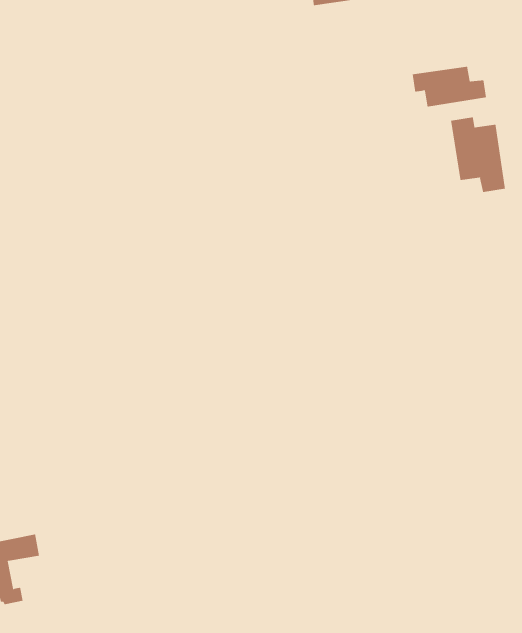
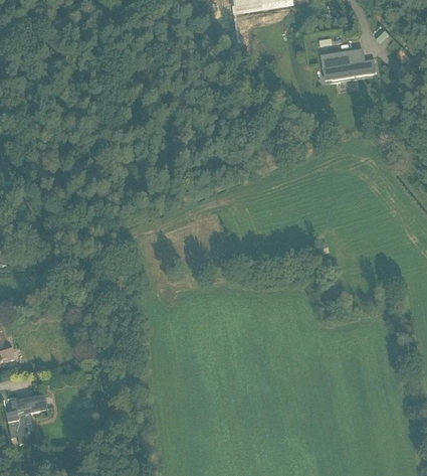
building: [450,117,506,193] -> none

